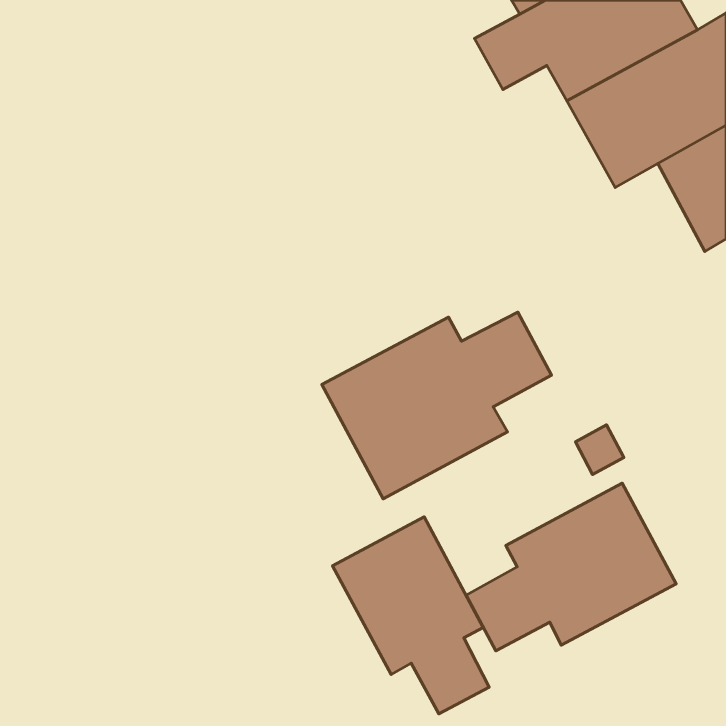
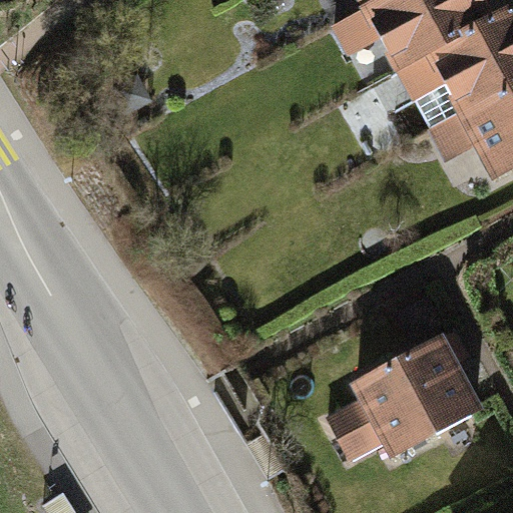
building: [322,312,551,499] -> none
building: [333,517,489,714] -> none

